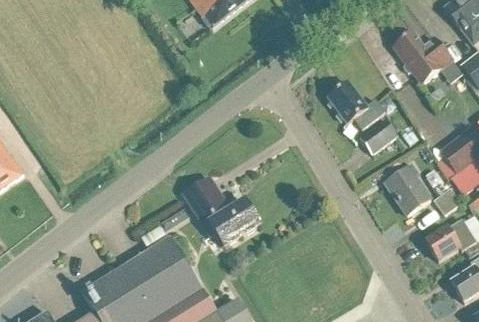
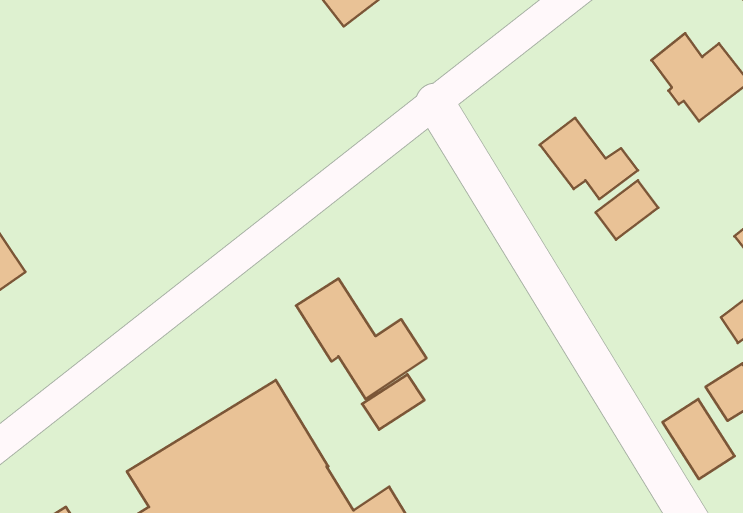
building: [385,163,431,214] -> none
building: none -> [362,374,424,430]
building: none -> [663,399,735,479]

